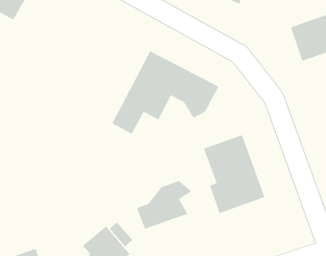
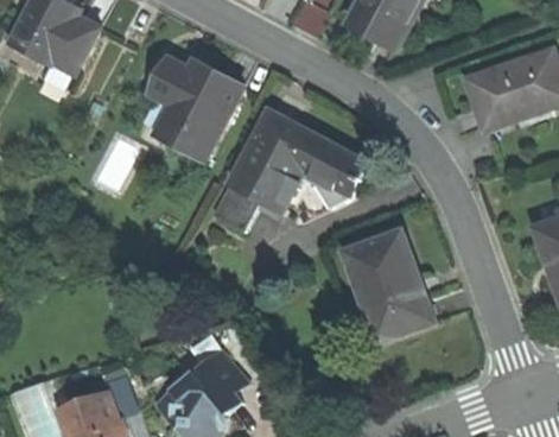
building: none -> [147,58,241,158]
building: [136,180,192,230] -> none

